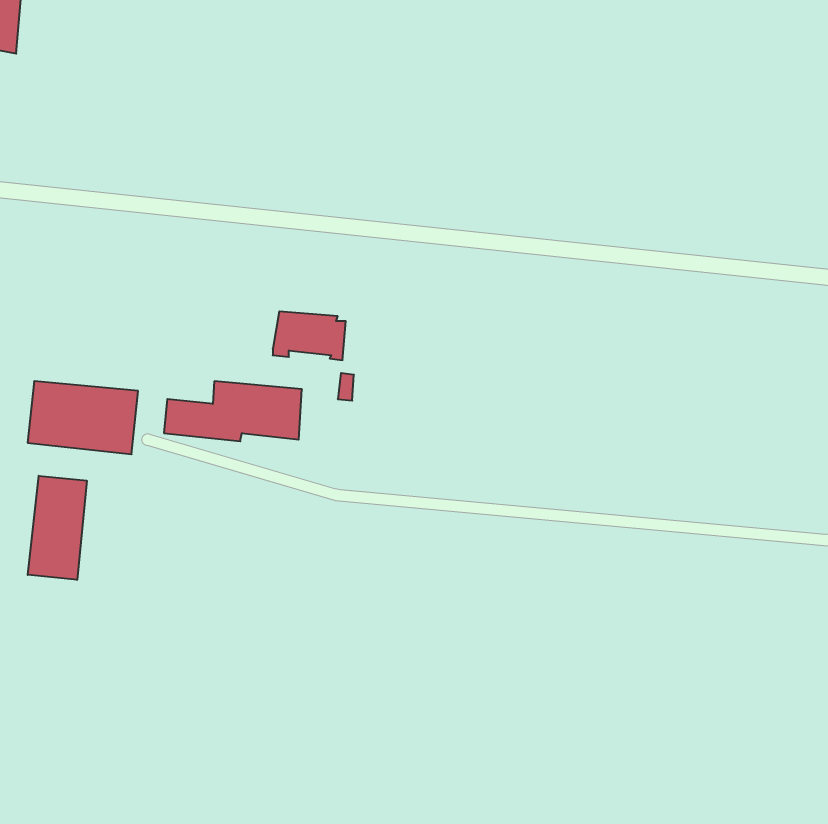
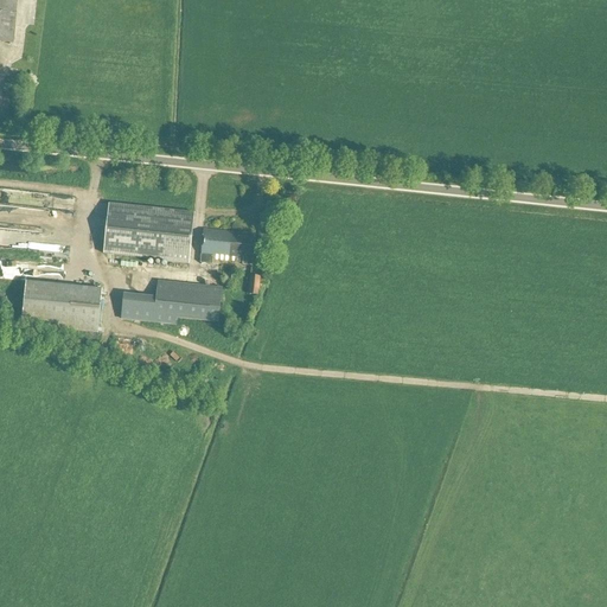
building: none -> [102,202,192,261]
building: [28,476,87,580] -> none

